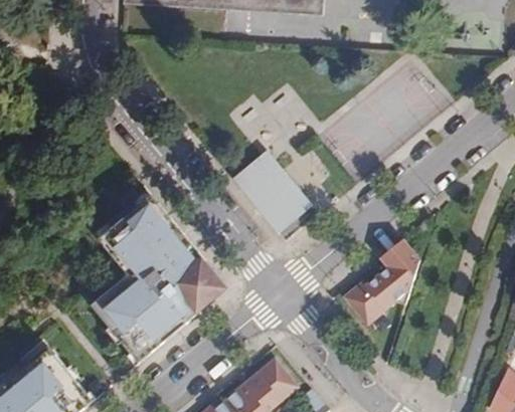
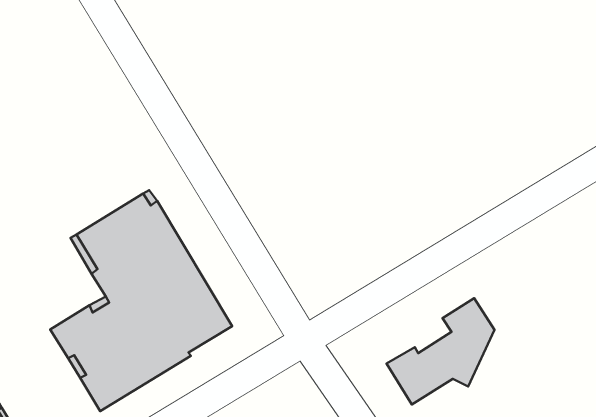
building: [230,150,318,241] -> none

